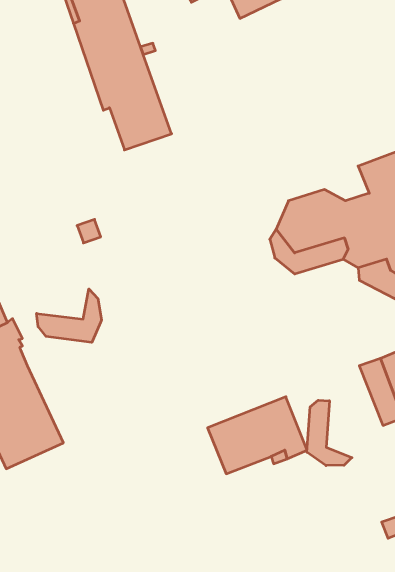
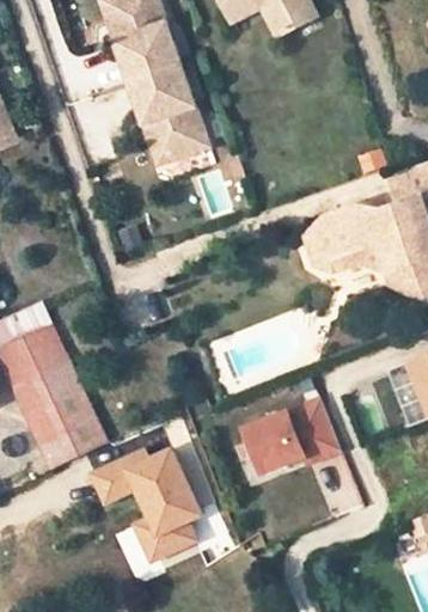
building: [37,289,101,342] -> none
building: [307,400,352,466] -> none
building: none -> [93,452,202,562]

